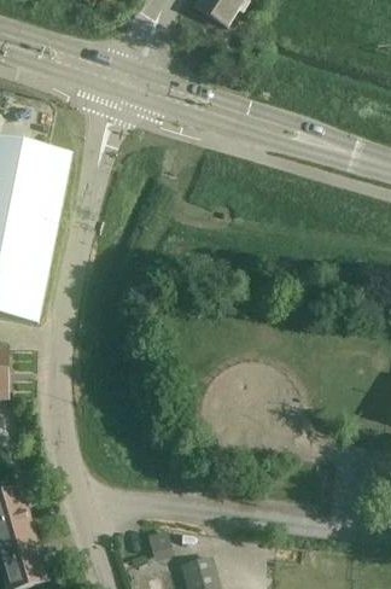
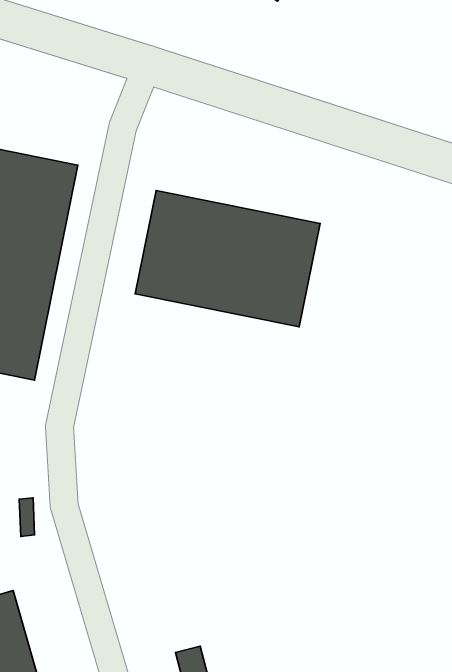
building: none -> [135,191,320,327]

